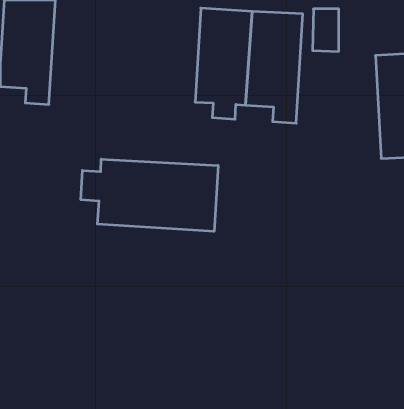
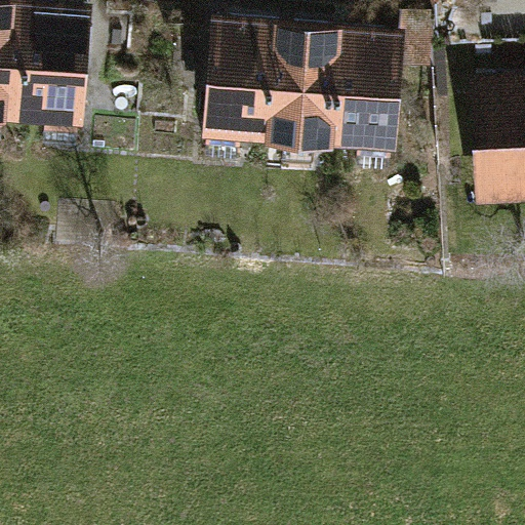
building: none -> [197,16,269,156]
building: [81,159,218,231] -> none

